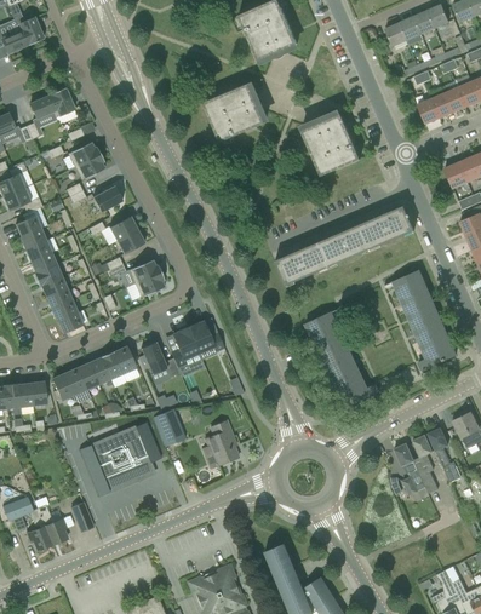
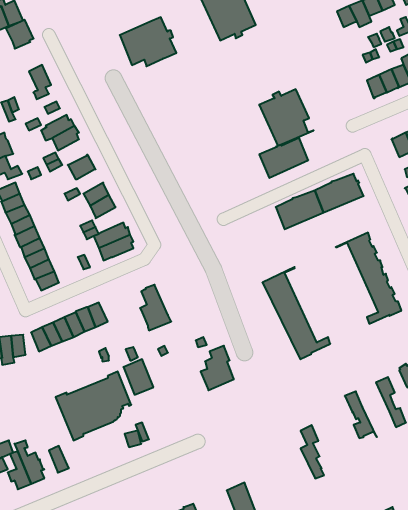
building: [204,84,265,137] -> [120,17,176,66]
building: [29,94,59,126] -> [6,20,34,49]
building: [275,242,328,286] -> [259,138,308,178]
building: [187,321,224,360] -> none
building: [141,342,179,377] -> none
building: [201,420,237,469] -> [201,346,234,390]
building: [413,435,439,493] -> [301,425,324,478]

